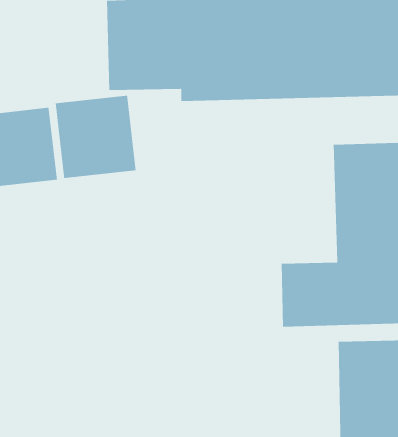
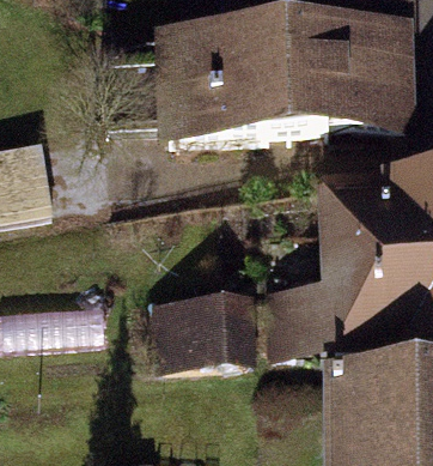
building: [55,95,137,179] -> none
building: none -> [154,297,263,371]

